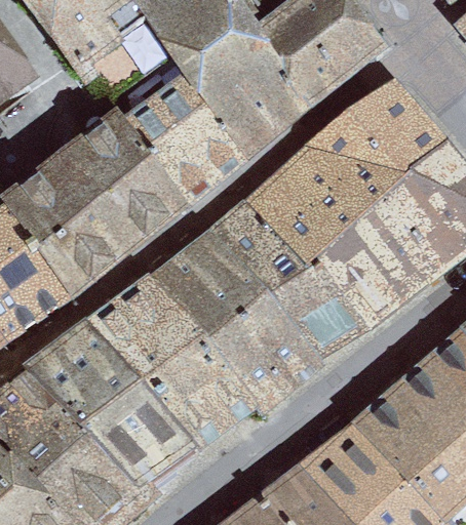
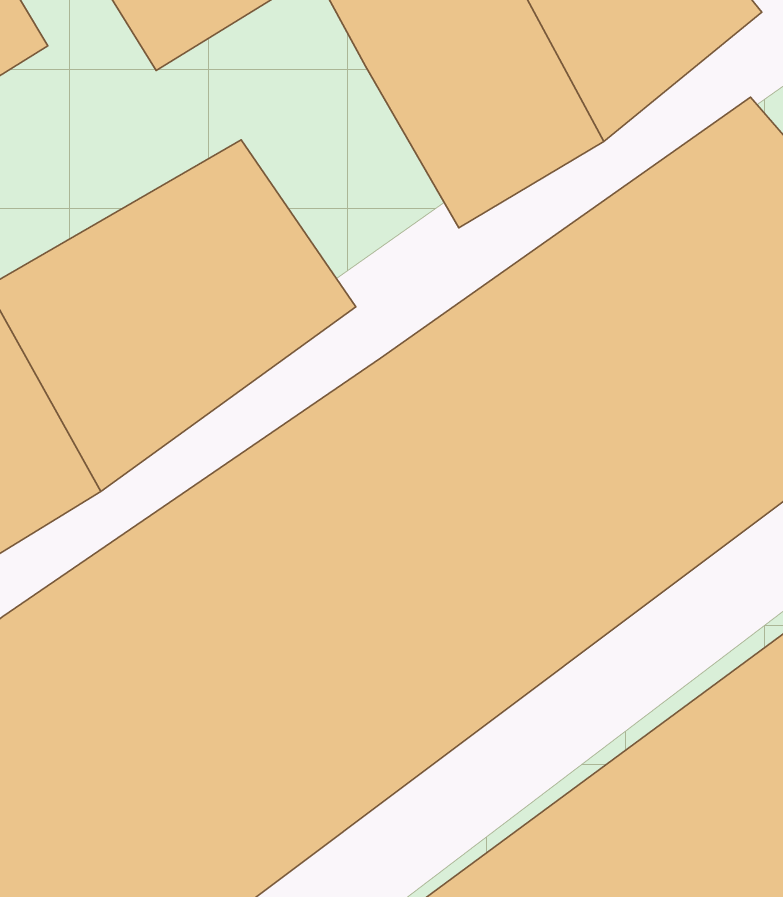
building: [138,70,253,194] -> none

